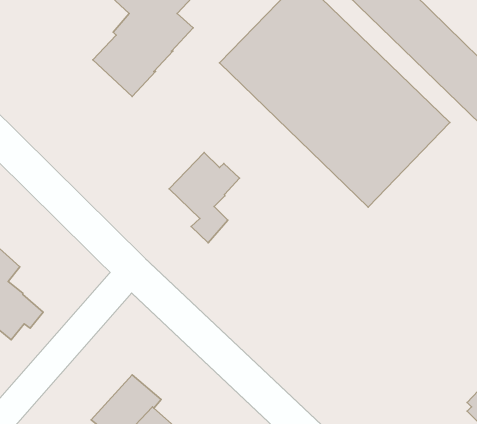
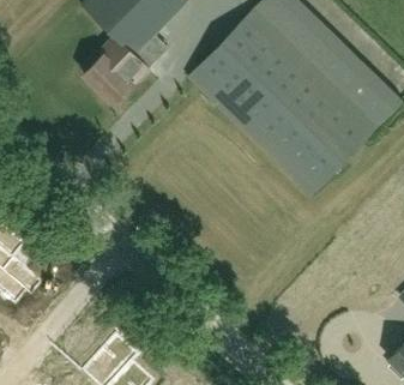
building: [169,153,239,243] -> none

